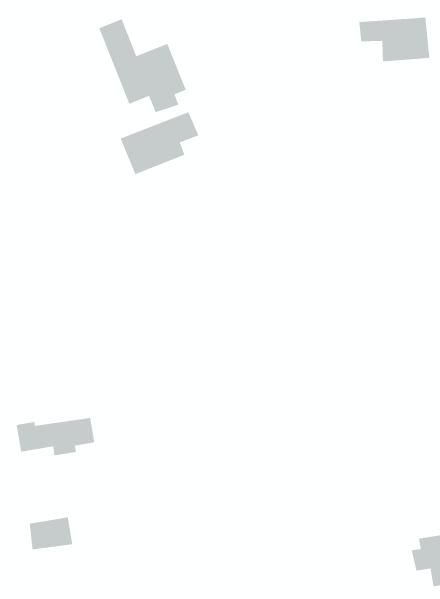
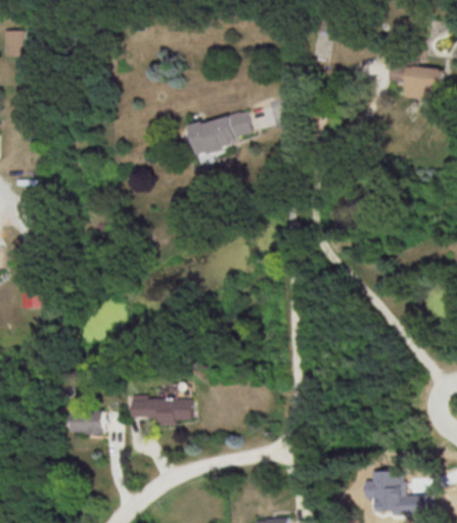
building: [98,18,187,113] -> none
building: [16,417,95,456] -> [130,394,189,424]

